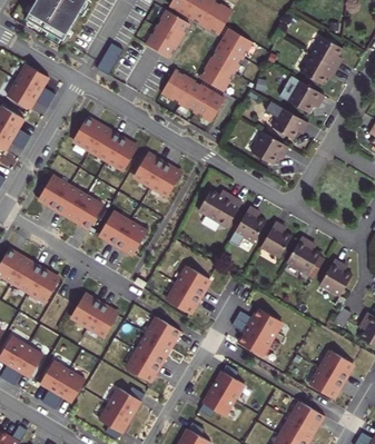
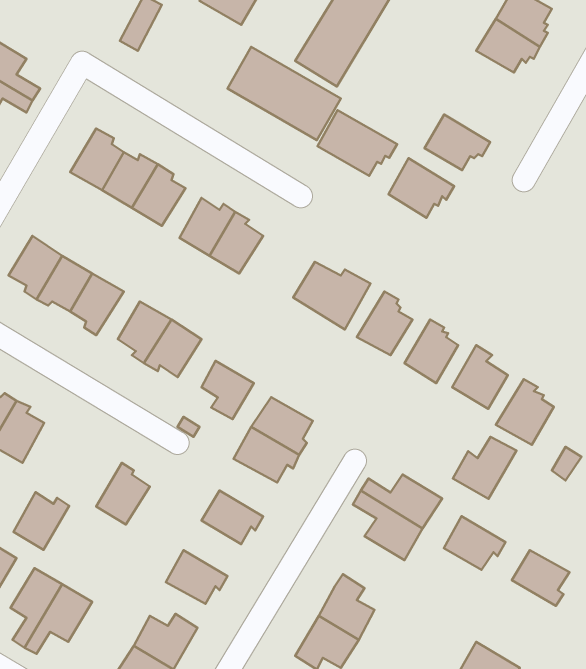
building: [279,76,324,112] -> [317,110,397,176]
building: none -> [201,361,254,419]
building: none -> [453,437,516,499]
building: [71,294,102,326] -> [14,492,69,550]
building: [137,334,169,365] -> none
building: [310,367,345,397] -> [444,516,505,570]

